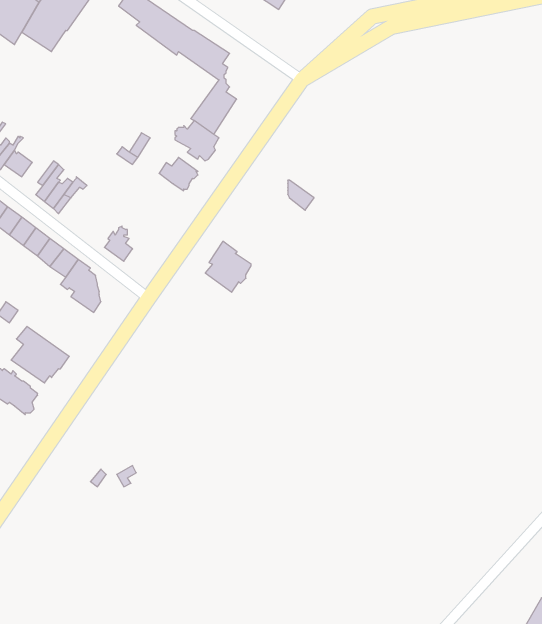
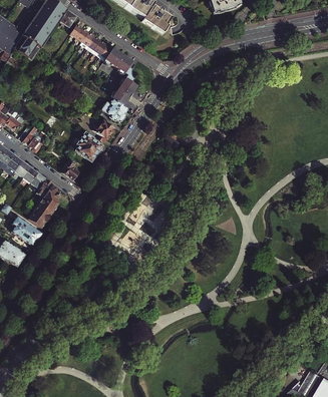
building: [205,241,251,292] -> [75,131,101,160]
building: none -> [28,199,55,227]

